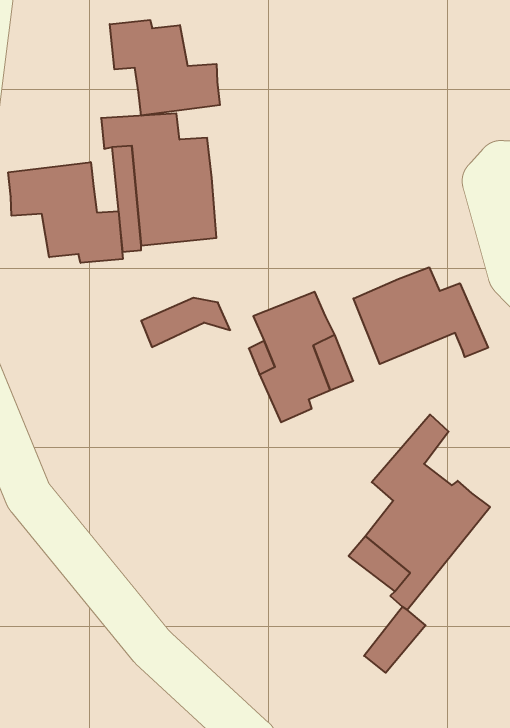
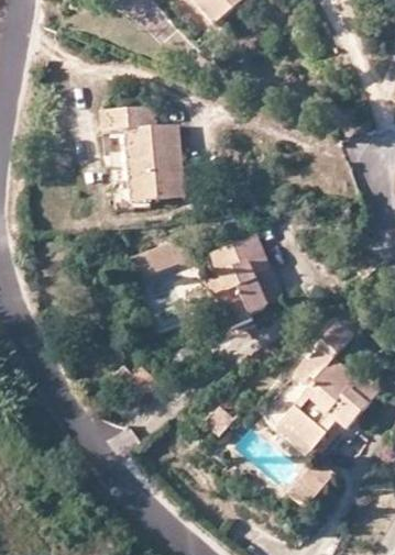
building: [110,20,220,116] -> none
building: [8,162,123,263] -> none
building: [353,267,488,364] -> none

